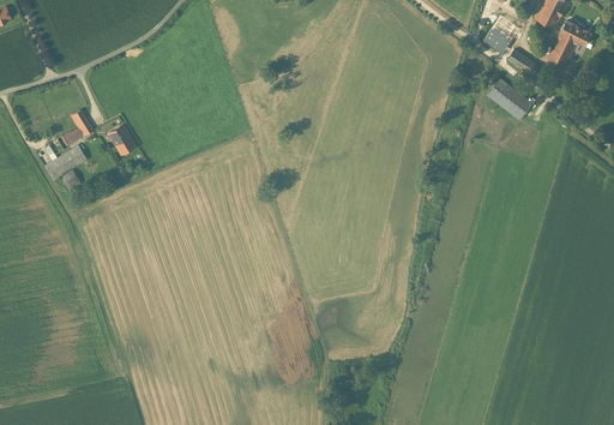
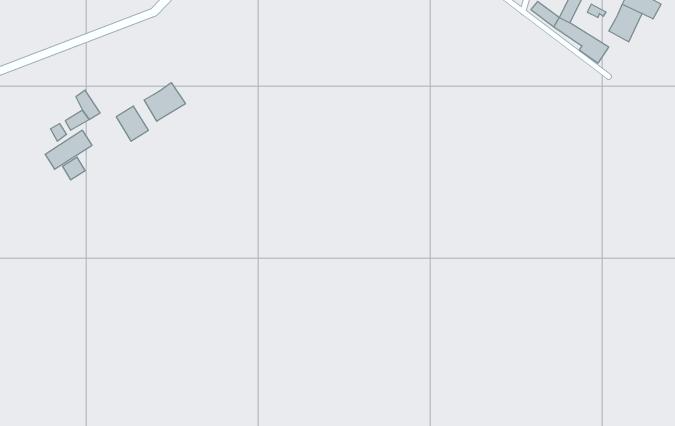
building: [487,78,534,119] -> none
building: none -> [144,83,185,121]

